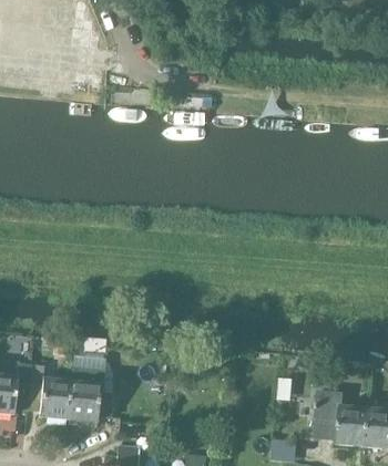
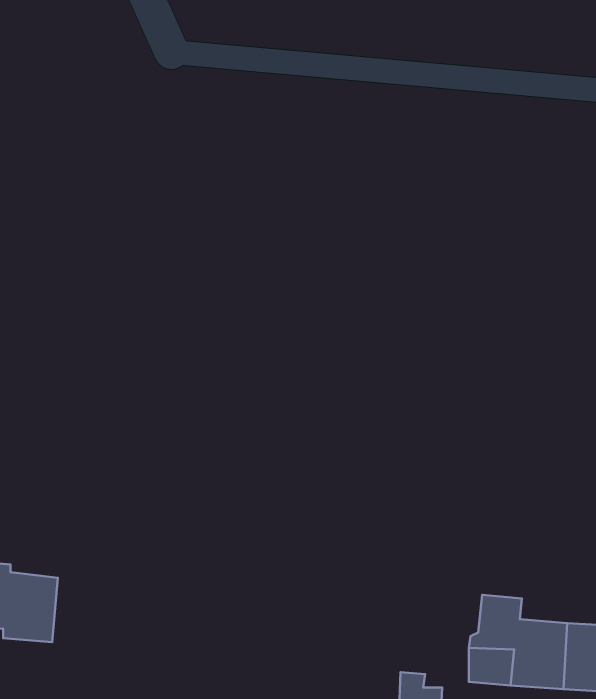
building: [68,367,113,428] -> none

